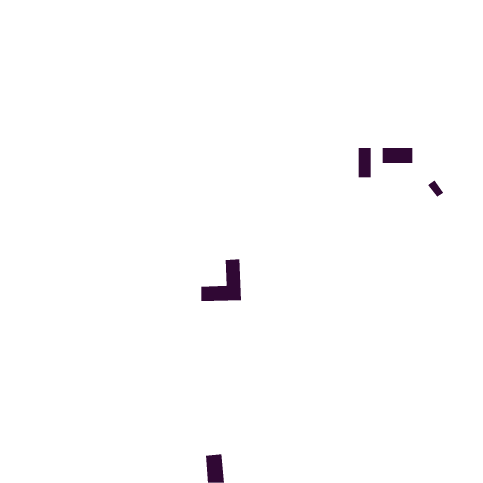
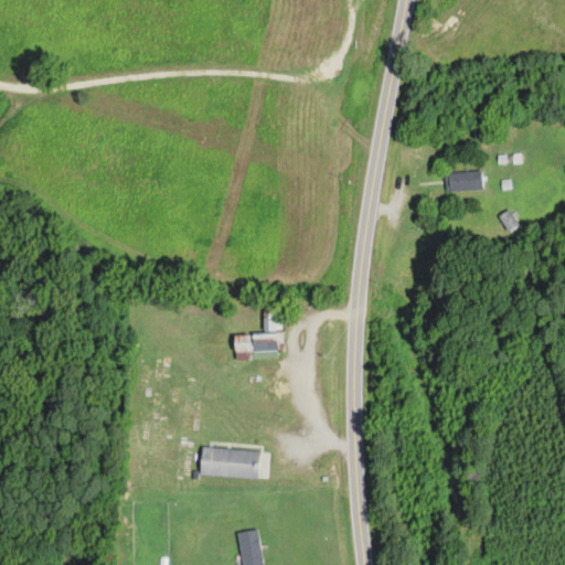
building: [358,147,371,178] -> none
building: none -> [200,447,260,478]

